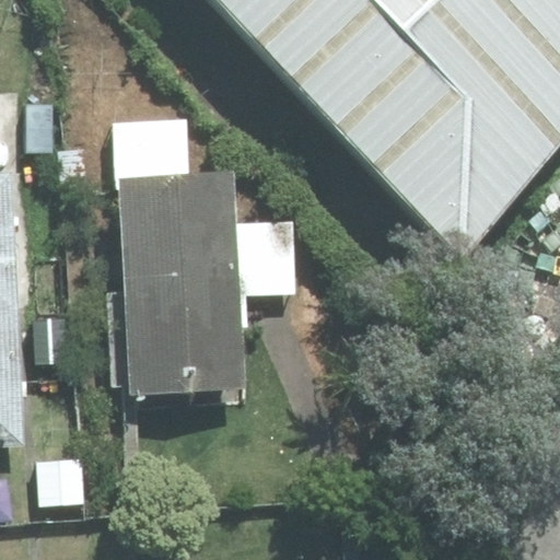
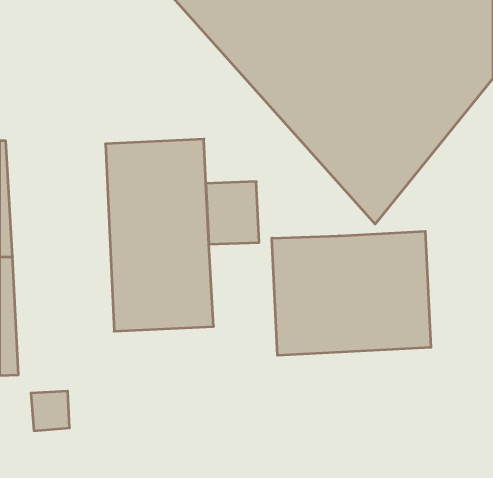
building: none -> [272,231,431,355]

